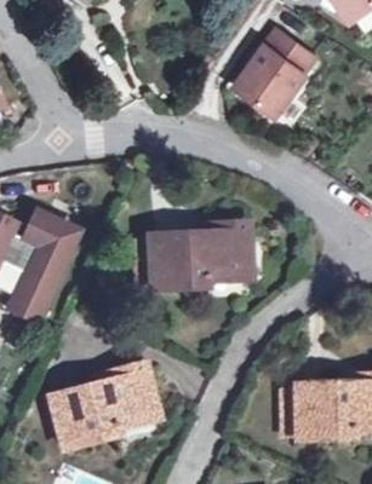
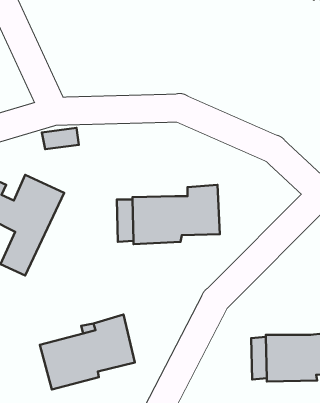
building: [236,34,315,120] -> none

